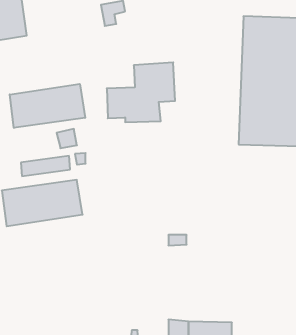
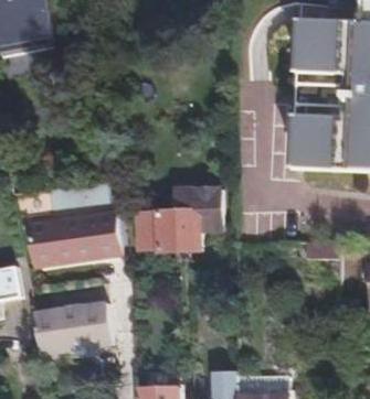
building: [107,62,175,122] -> [138,182,216,250]
building: [10,84,85,128] -> none
building: none -> [32,299,109,354]

